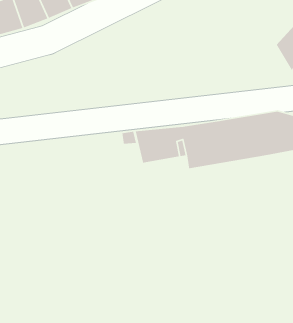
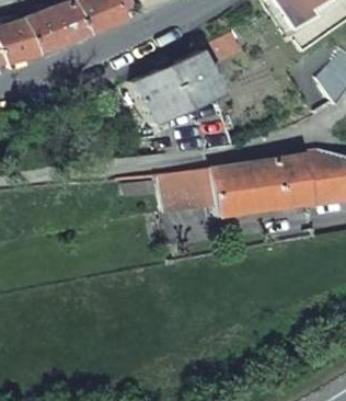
building: none -> [131,49,220,123]

